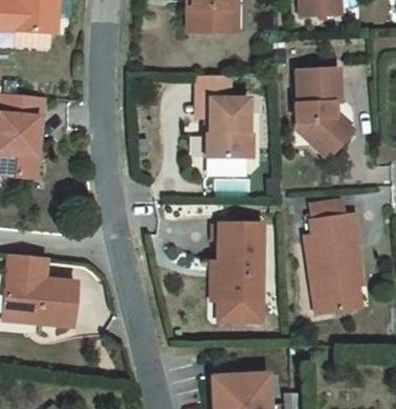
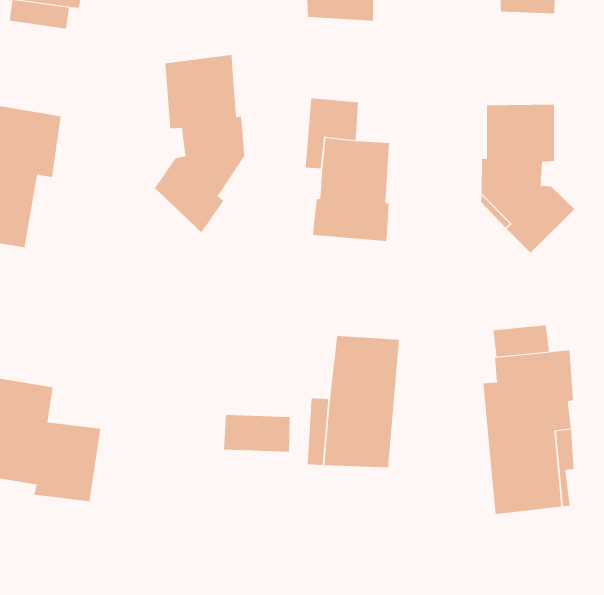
building: none -> [154,54,245,233]
building: [214,294,254,316] -> [223,415,290,452]

